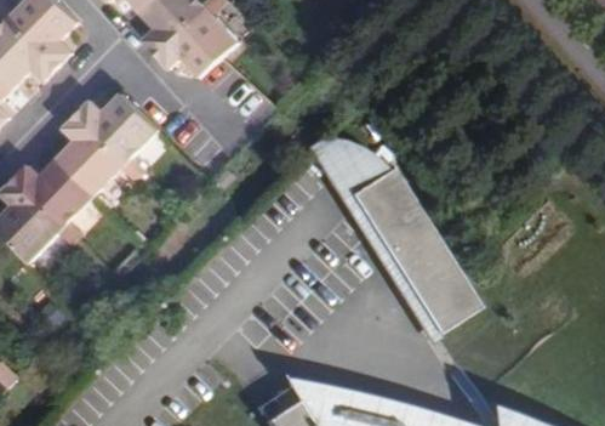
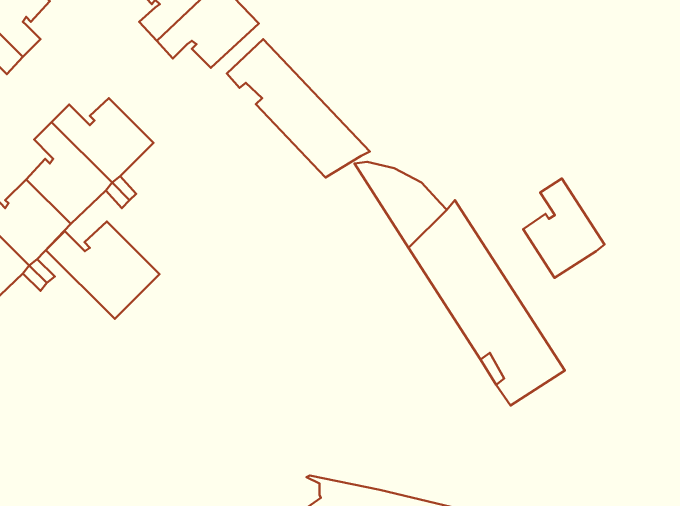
building: none -> [227,39,370,178]
building: none -> [523,179,604,278]
building: none -> [46,222,160,319]

